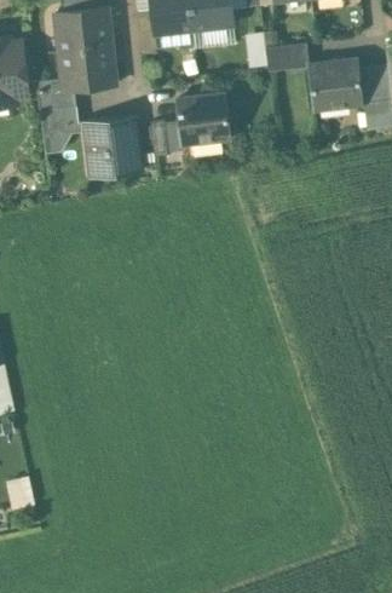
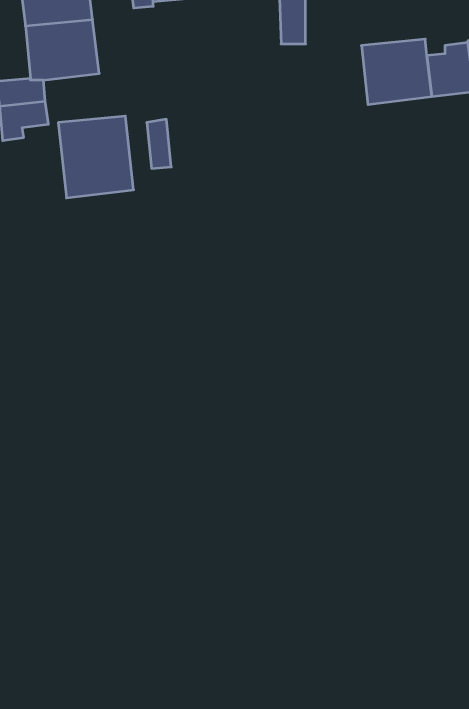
building: [270,42,310,68] -> none
building: [177,94,230,145] -> none

